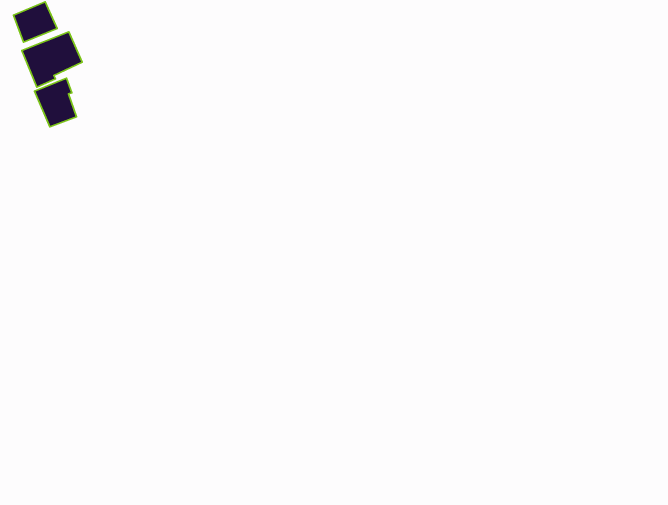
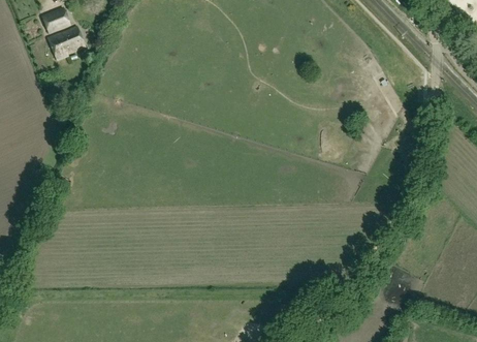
building: [35,78,76,127] -> none

